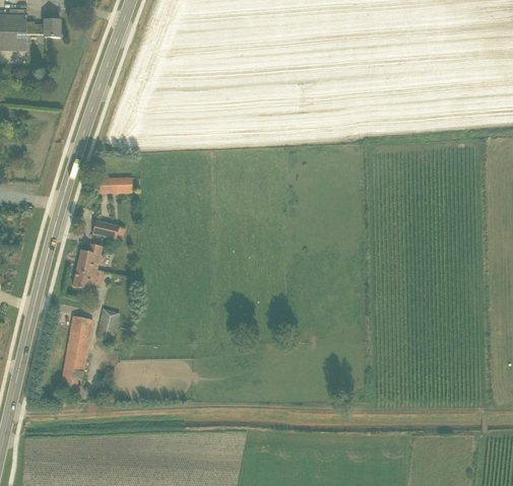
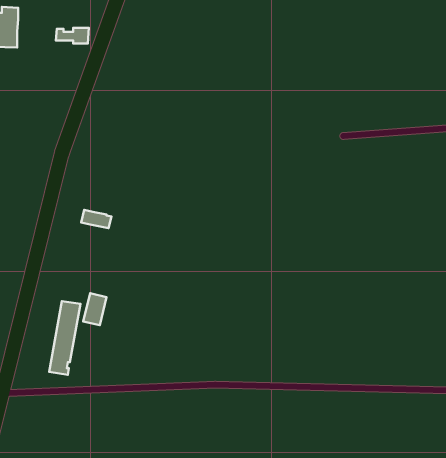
building: [26,20,61,37] -> [56,28,89,43]
building: [95,177,133,193] -> none
building: [73,244,104,289] -> none

